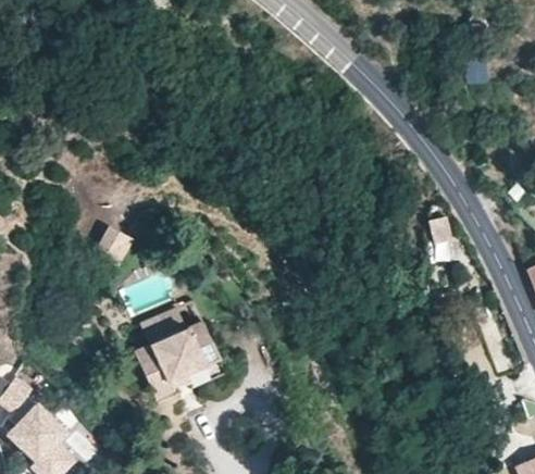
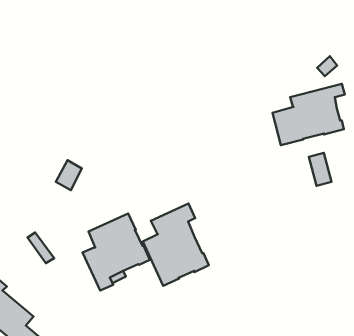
building: none -> [273,84,345,145]
building: none -> [143,204,209,286]

